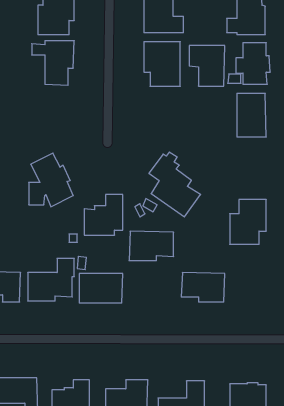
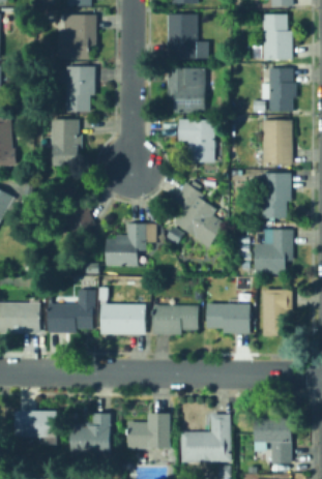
building: [189,46,225,86] -> [178,120,214,161]
building: none -> [50,119,82,164]
building: none -> [253,173,290,217]
building: [129,231,174,261] -> [152,304,198,334]
building: none -> [262,289,291,335]

